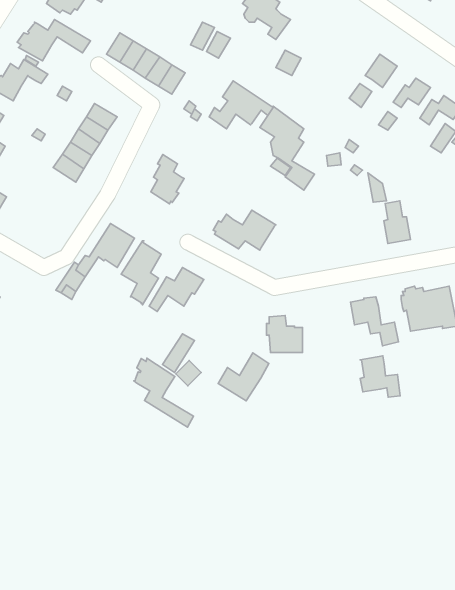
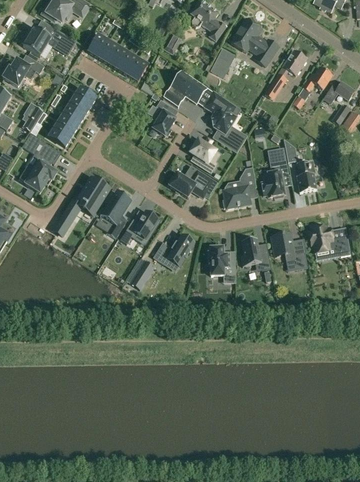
building: none -> [231,18,278,66]
building: [151,154,184,204] -> [151,100,176,137]
building: none -> [20,134,61,193]
building: none -> [190,140,217,173]
building: none -> [261,148,288,199]
building: none -> [222,167,256,208]
building: [218,353,269,401] -> [156,234,194,270]
building: [360,356,400,397] -> [240,239,270,270]
building: [134,358,193,427] -> none

